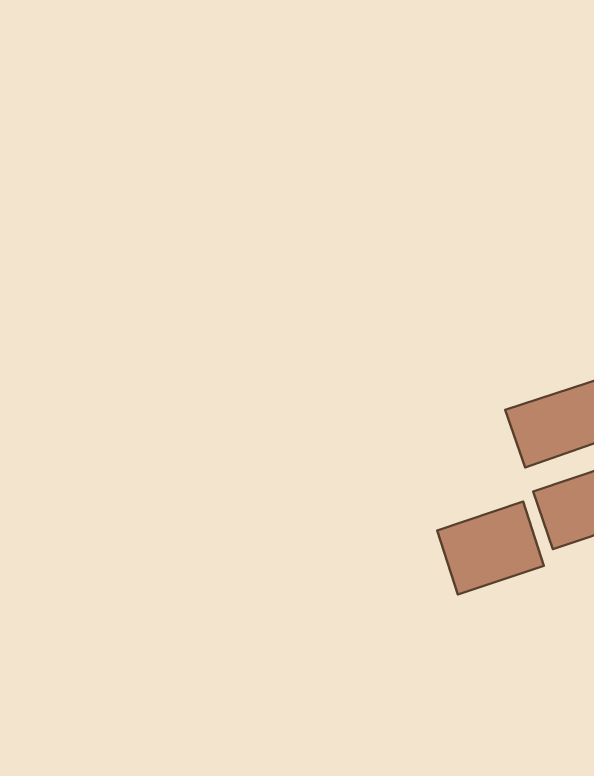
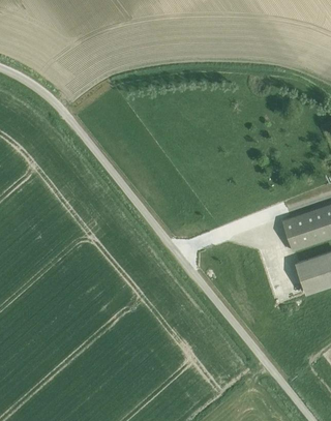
building: [437,502,544,595] -> none

